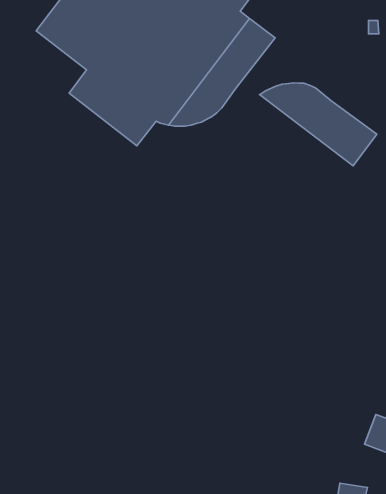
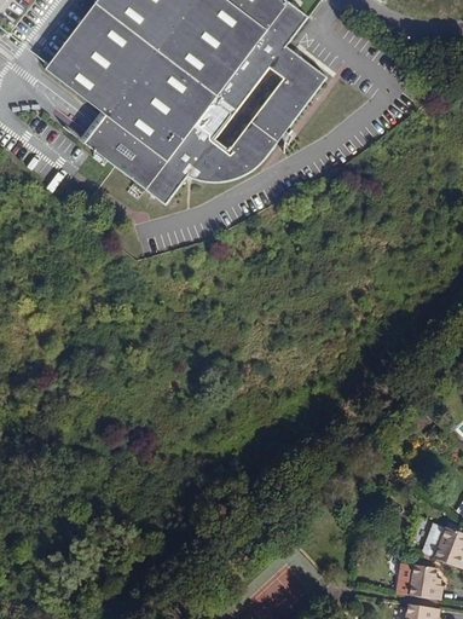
building: [259,83,377,166] -> none
building: none -> [405,559,439,598]

